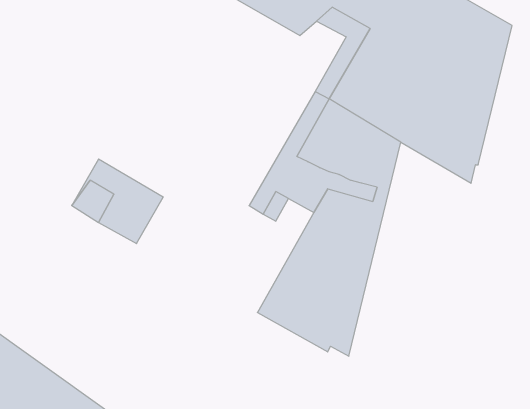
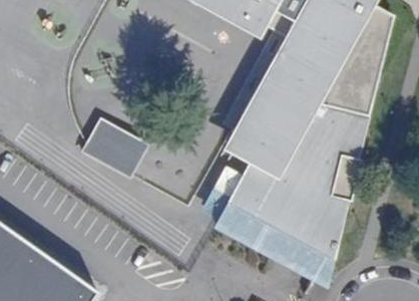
building: none -> [276,105,363,284]

